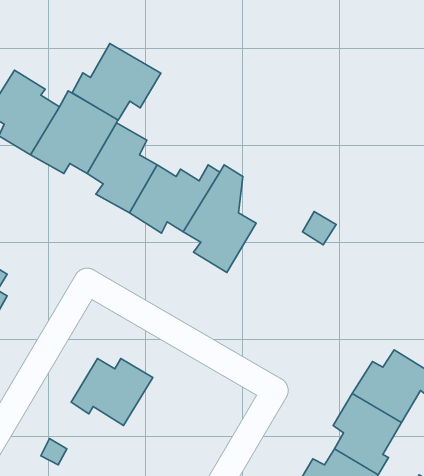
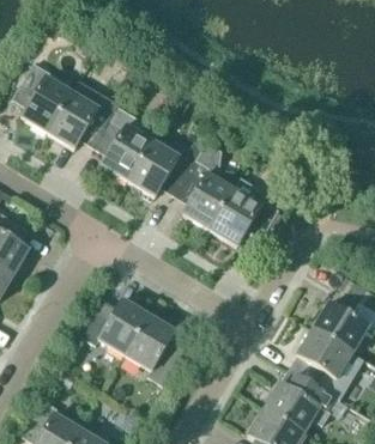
building: [72,43,161,120] -> none
building: none -> [208,177,278,247]
building: none -> [123,316,183,385]

